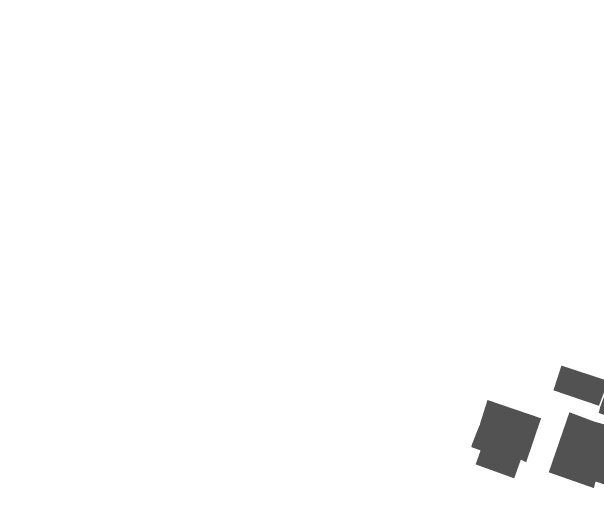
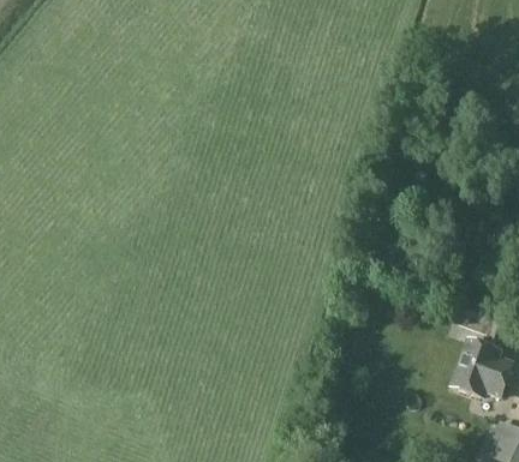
building: [471,399,542,479] -> none

